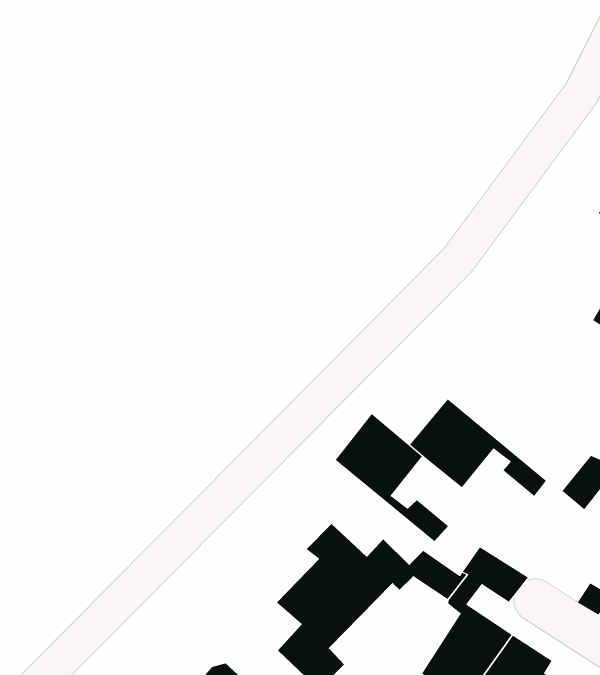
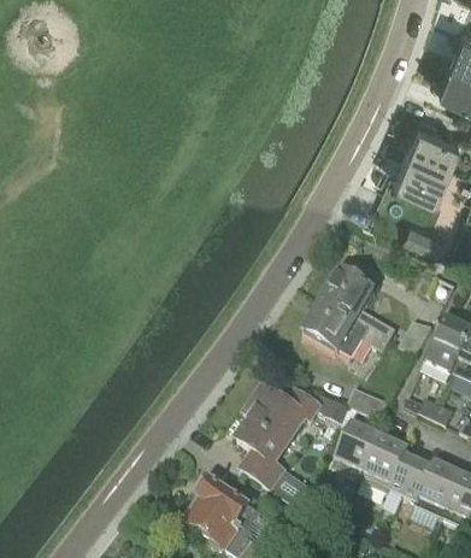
building: [335,413,449,542] -> [323,268,398,340]

